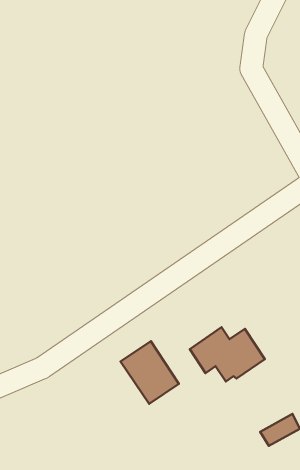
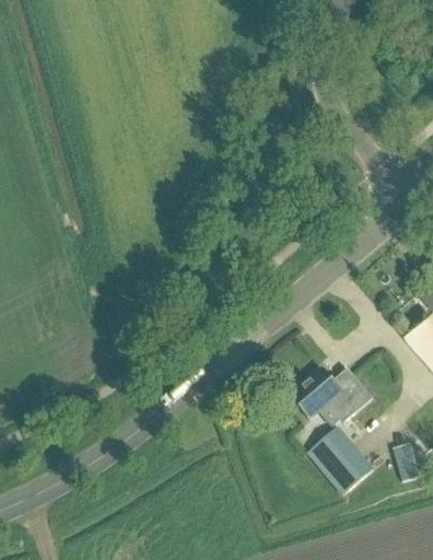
building: [120,341,179,404] -> [307,427,373,494]

